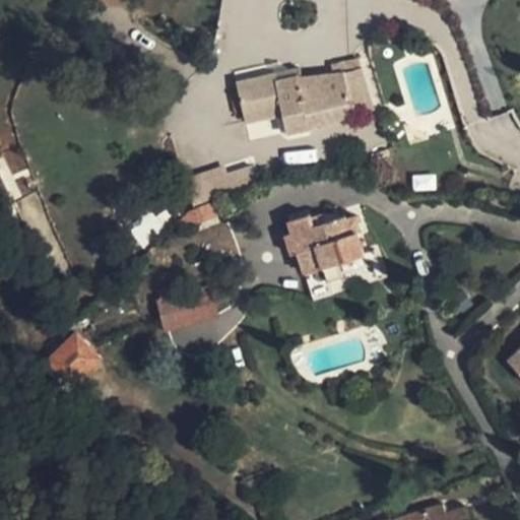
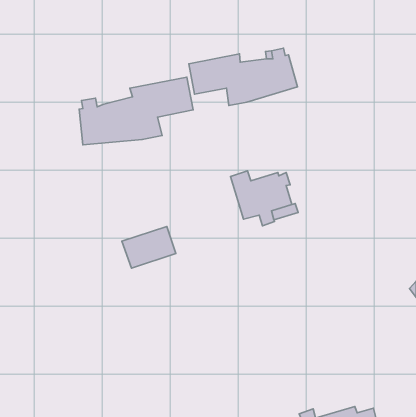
building: none -> [79,77,193,145]
building: [45,336,98,388] -> none

